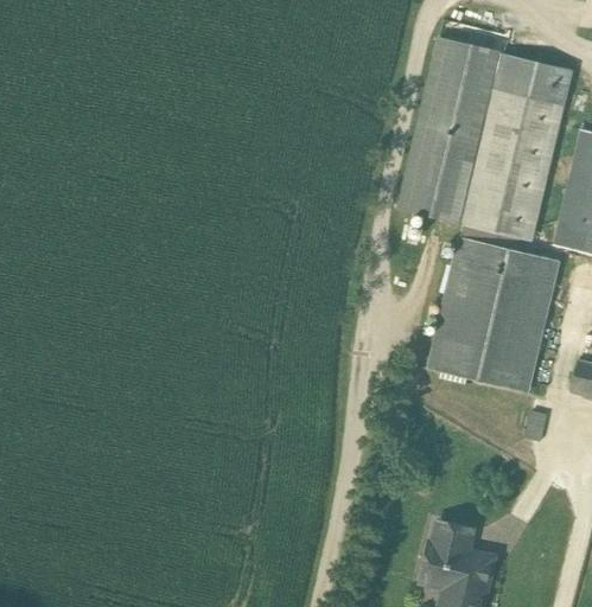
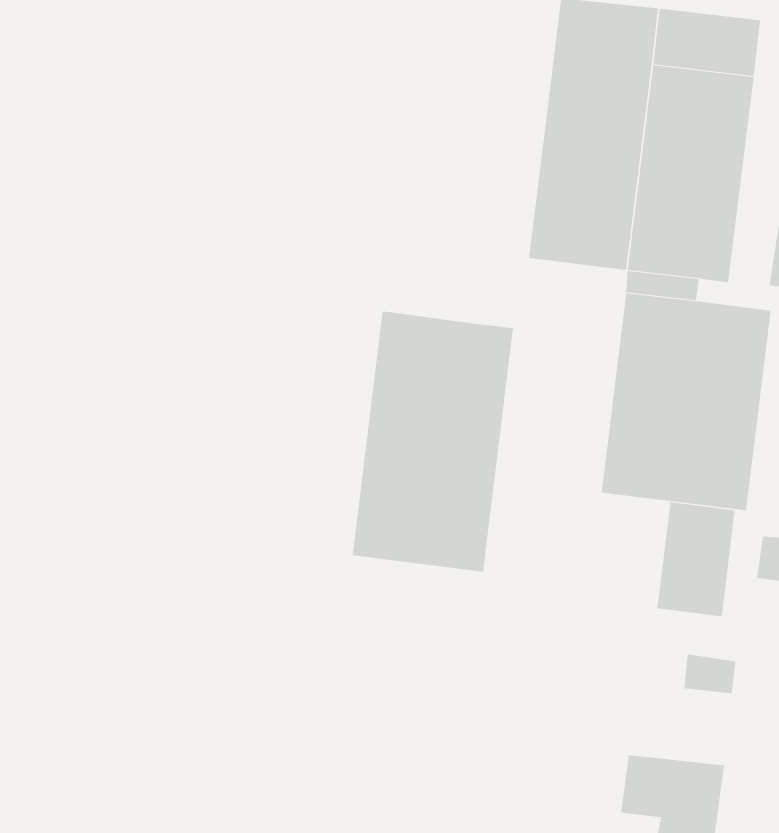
building: none -> [352,311,514,573]
building: none -> [657,501,735,617]
building: [433,522,470,551] -> [683,654,736,694]

